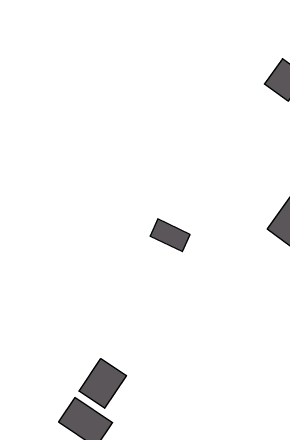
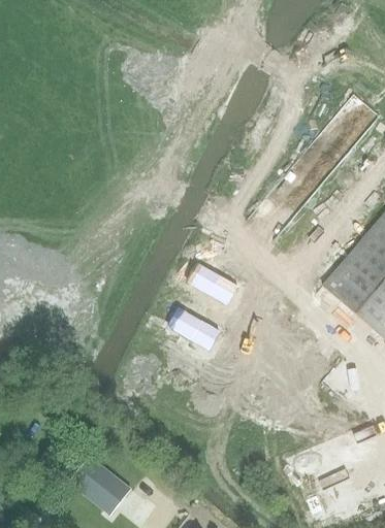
building: none -> [169,306,216,344]
building: [79,359,126,408] -> none

